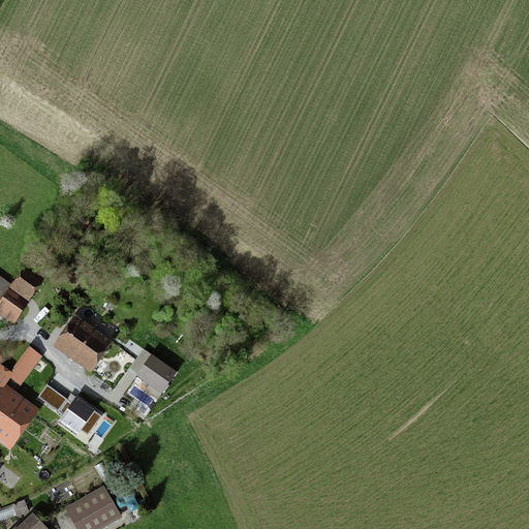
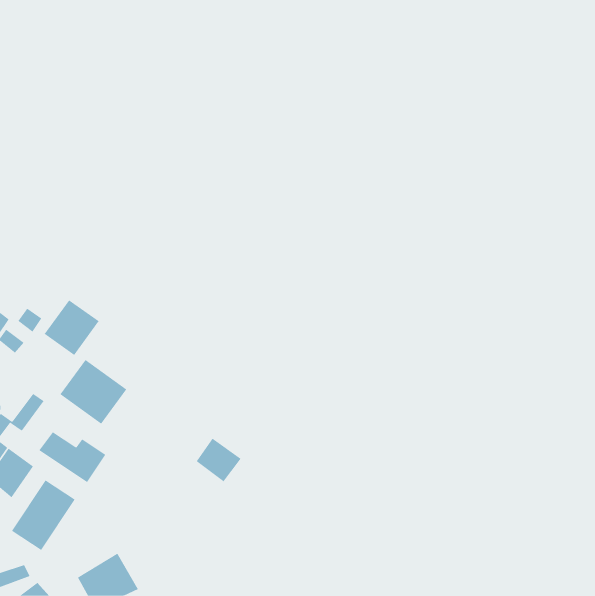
building: none -> [44,299,99,356]
building: [134,347,175,386] -> [196,438,241,482]
building: none -> [11,480,76,551]

